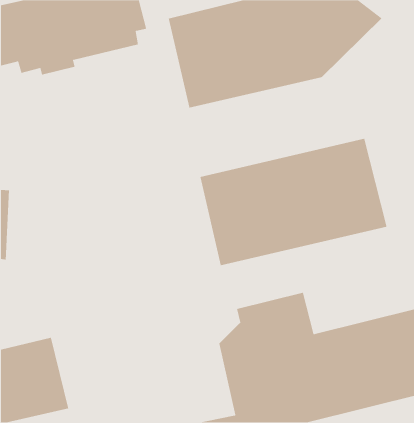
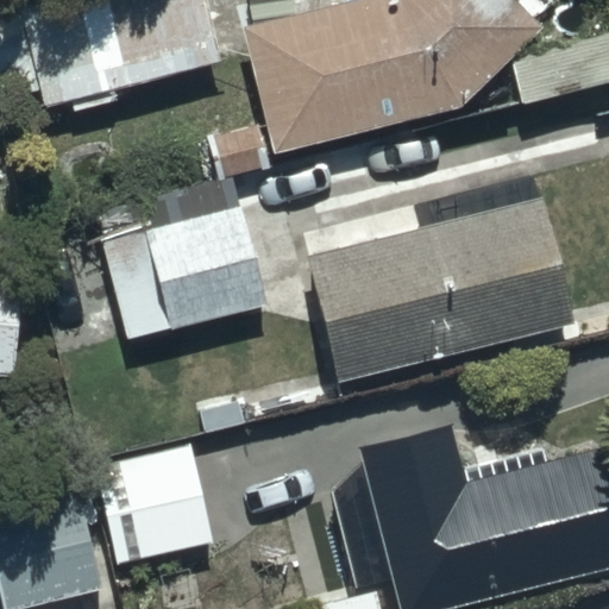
building: none -> [94,190,270,338]
building: none -> [98,448,222,569]

